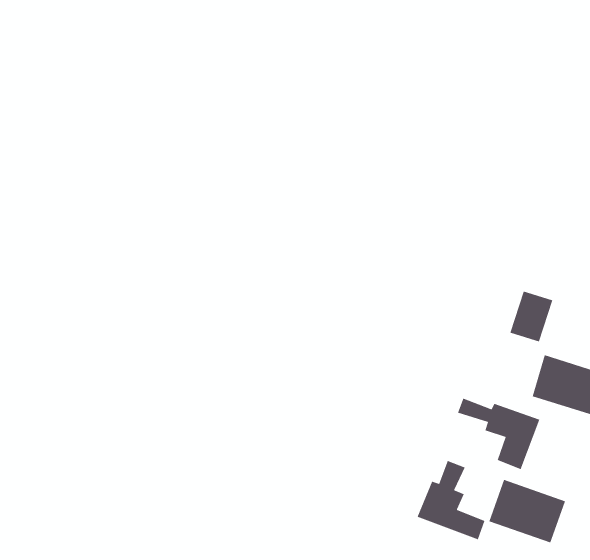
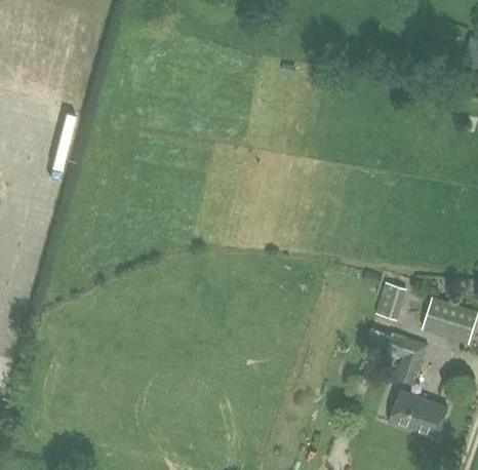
building: [510,291,553,342] -> [372,281,405,320]
building: [417,460,485,540] -> none

